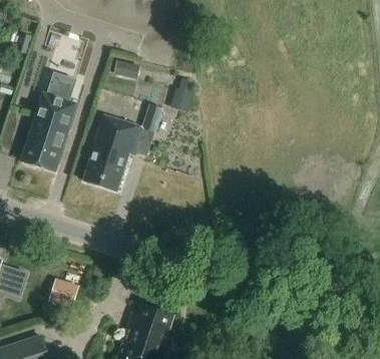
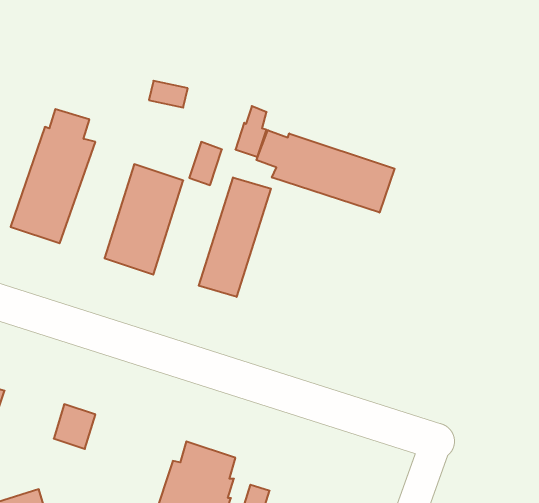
building: none -> [256,130,395,213]
building: none -> [199,177,271,297]

